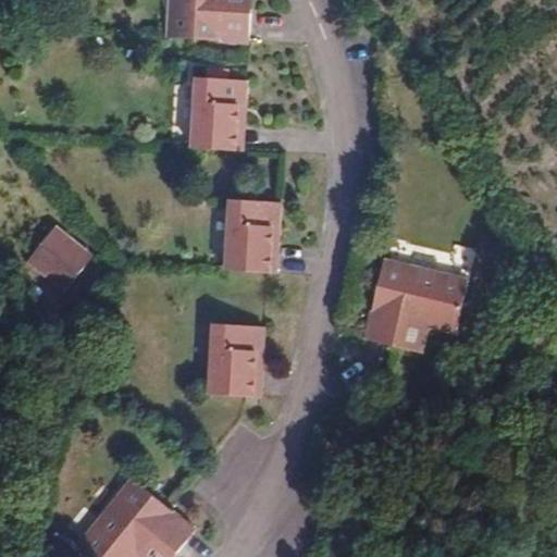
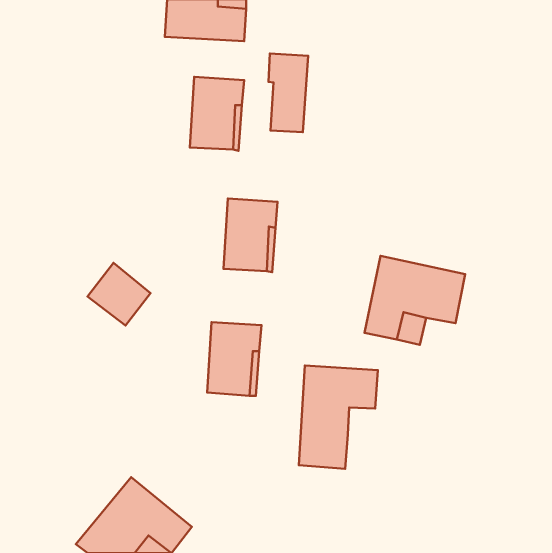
building: none -> [268,53,308,132]
building: [26,226,89,289] -> [88,263,150,326]
building: none -> [299,365,378,469]

